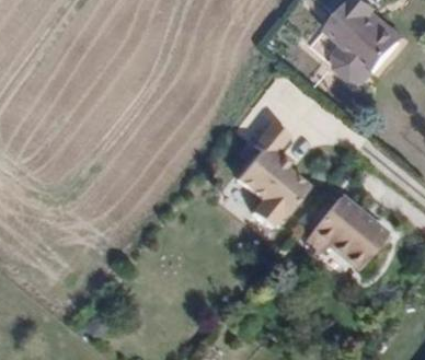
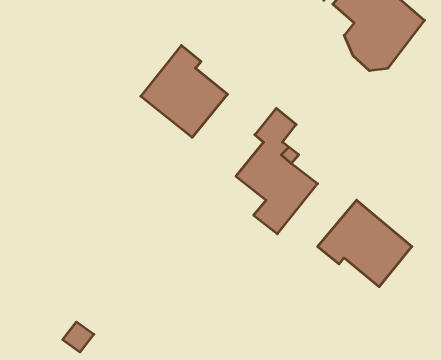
building: none -> [141,45,228,137]

